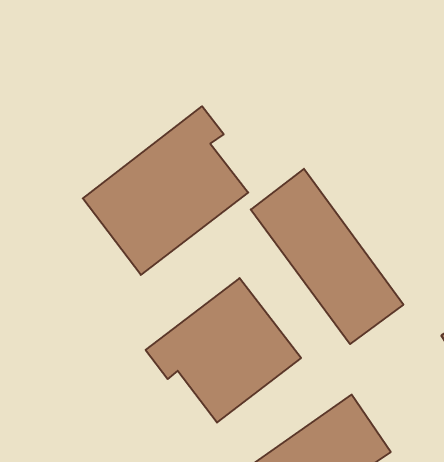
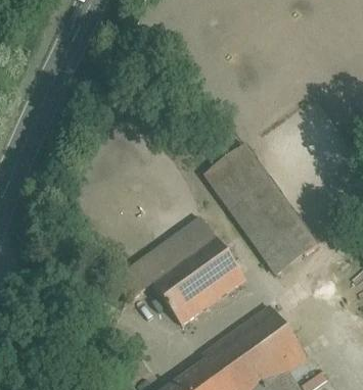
building: [83,106,248,275] -> none

